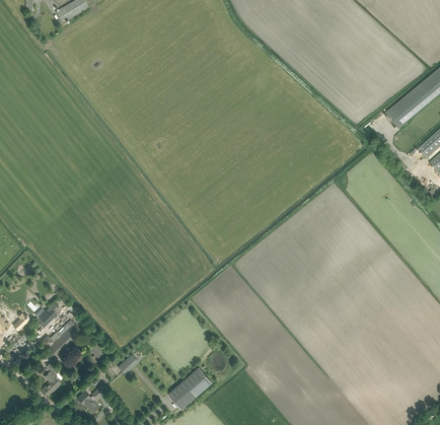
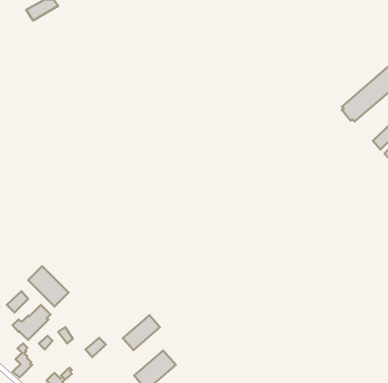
building: none -> [28,266,69,306]
building: none -> [123,315,160,350]

